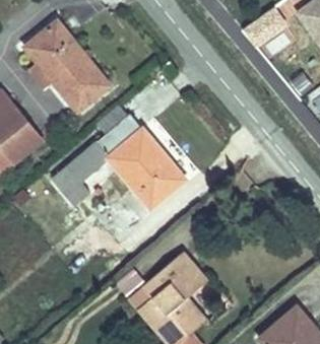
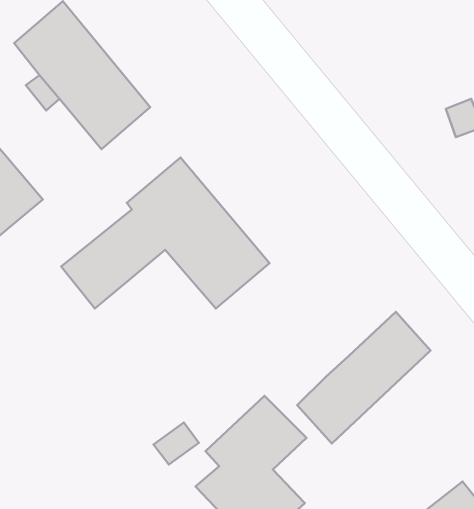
building: none -> [297,312,430,444]

